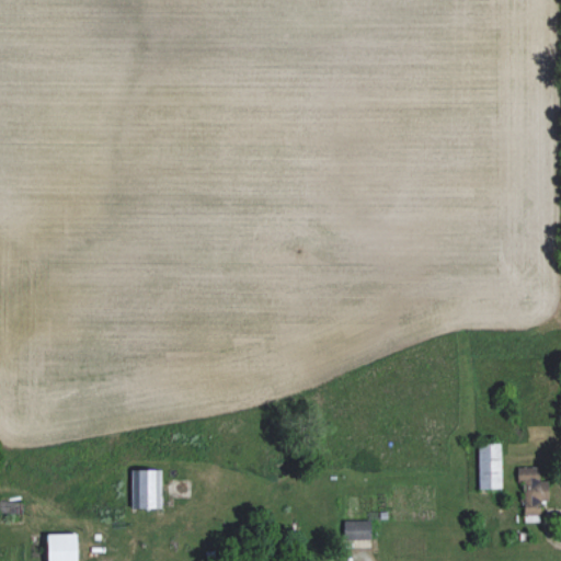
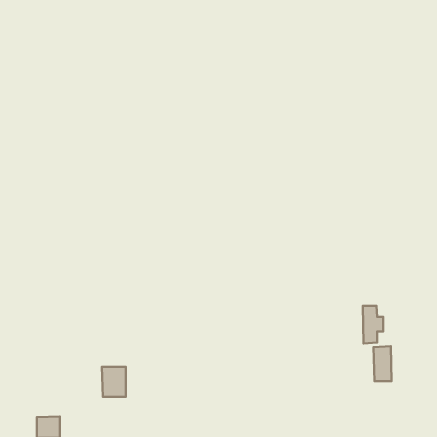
building: [523,468,549,516] -> [363,306,383,343]
building: [344,520,373,540] -> none

